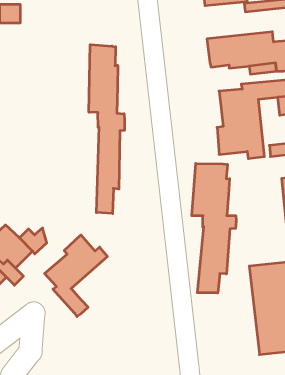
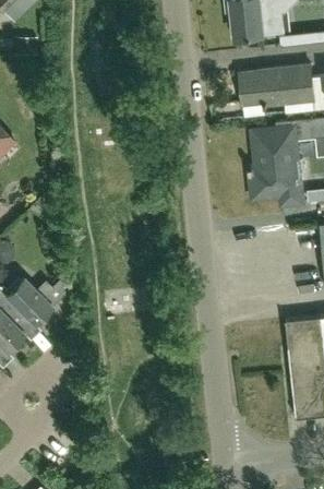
building: [89,45,125,214] -> none
building: [192,163,236,293] -> none
building: [45,235,107,317] -> none

